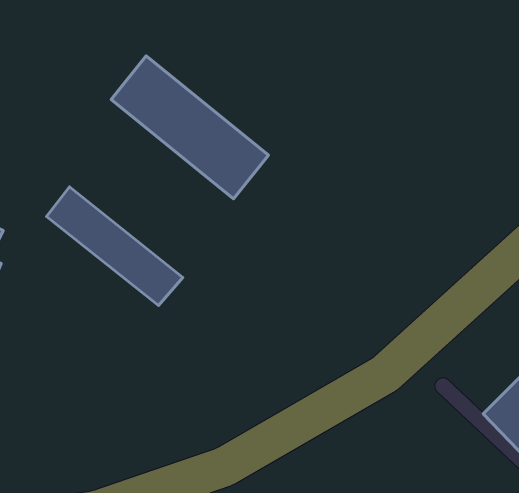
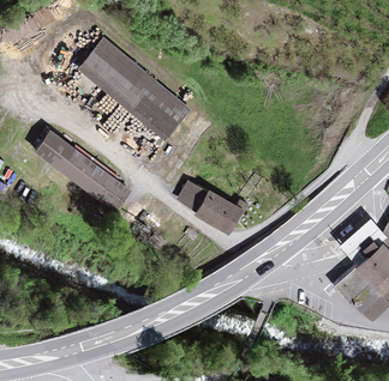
building: none -> [176,181,243,234]

